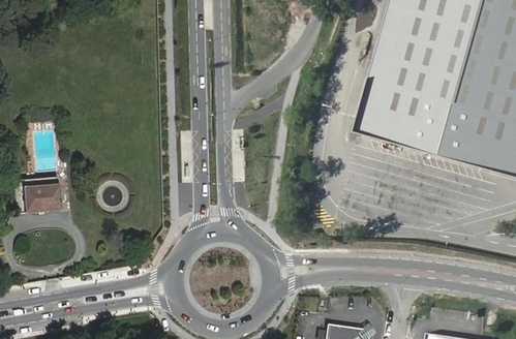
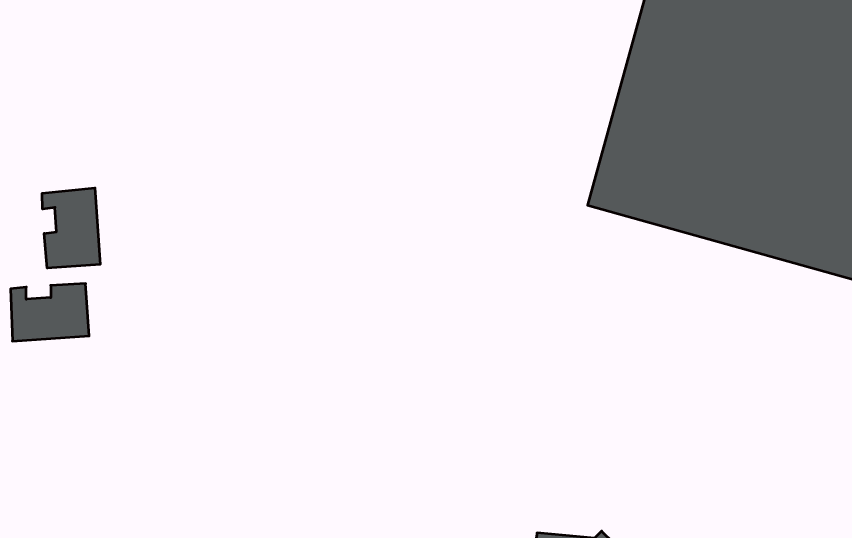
building: none -> [42,188,100,268]

